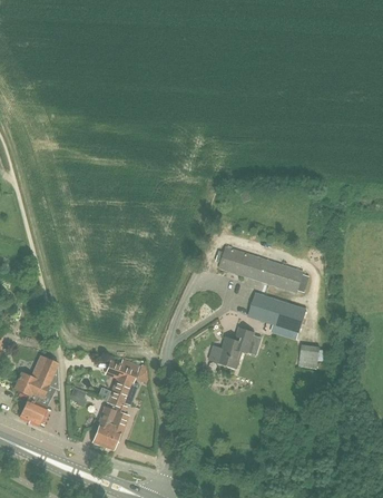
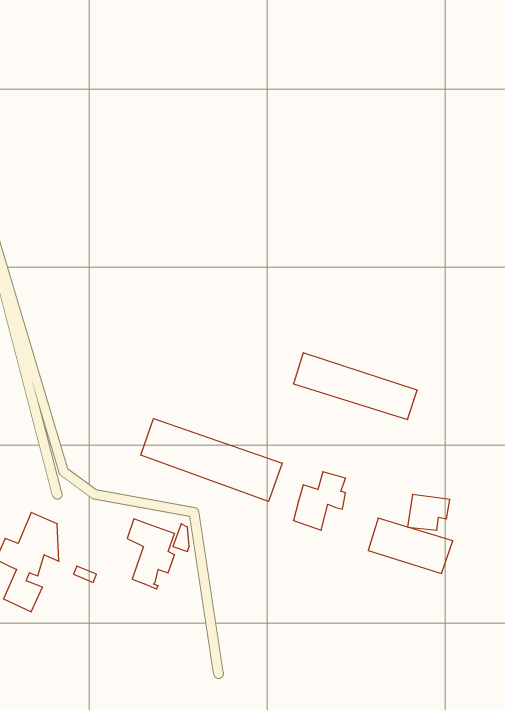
building: none -> [141,419,282,501]
building: [248,293,306,331] -> [368,518,453,573]
building: [92,404,139,450] -> none

